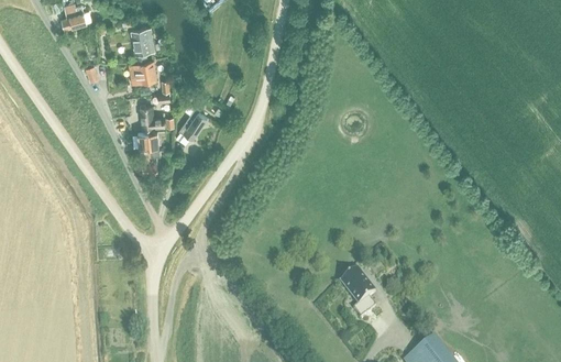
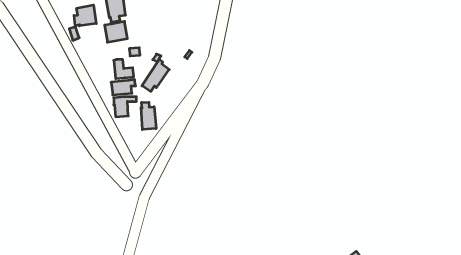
building: none -> [74,5,96,26]
building: none -> [141,102,156,130]
building: [340,268,374,304] -> none

